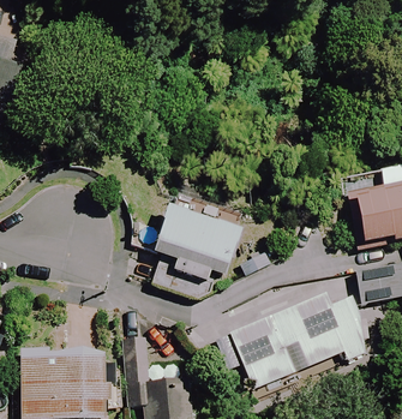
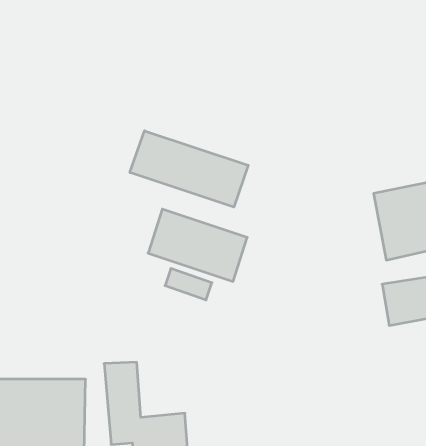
building: none -> [130,131,248,207]
building: [232,292,366,394] -> none

